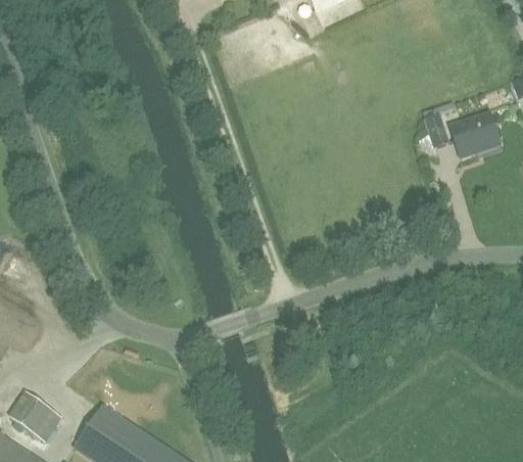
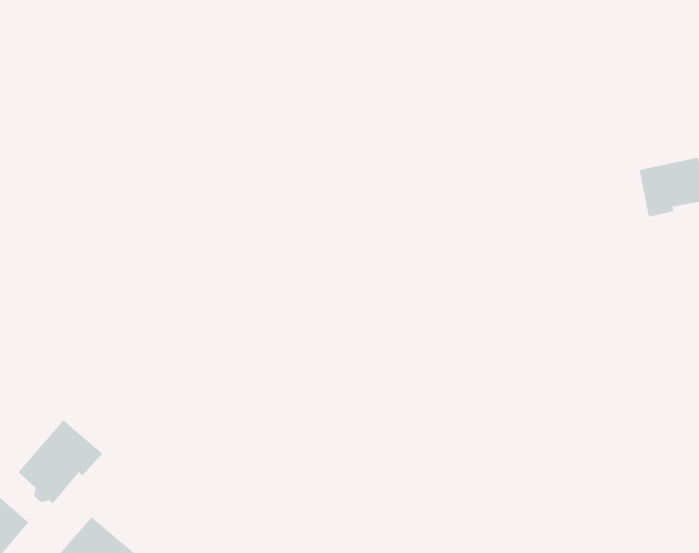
building: [425,113,450,147] -> none
building: none -> [18,420,103,504]

